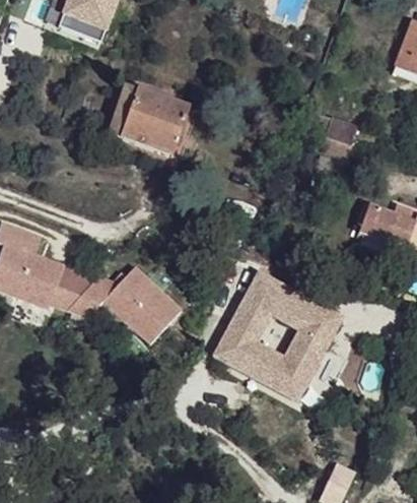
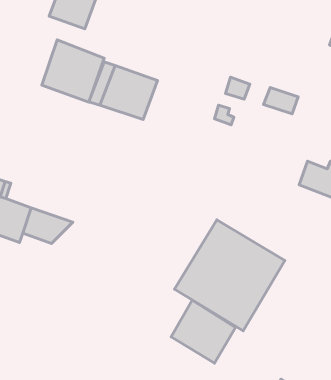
building: none -> [42,40,104,102]
building: [63,262,176,338] -> none
building: none -> [171,300,235,363]

